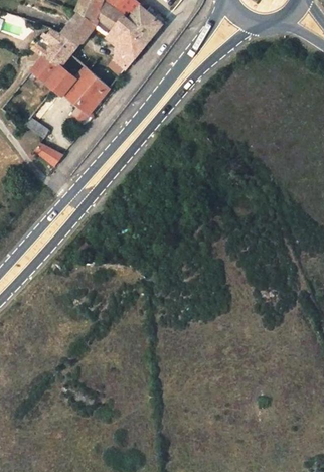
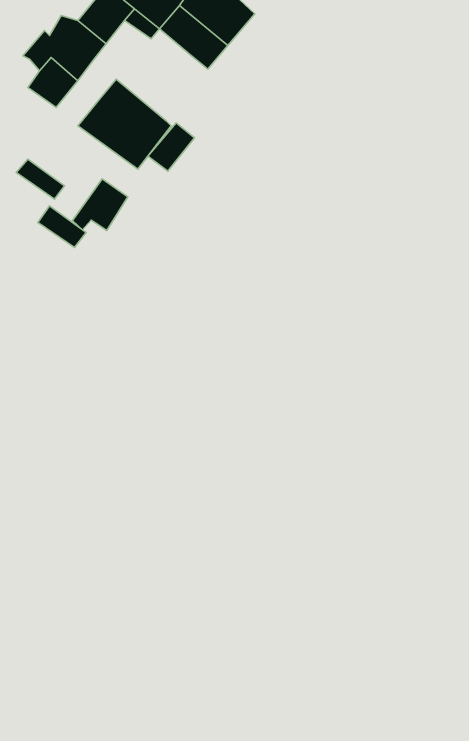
building: [108,48,136,77] -> [148,123,195,171]
building: [44,64,70,92] -> none
building: none -> [72,179,128,230]

